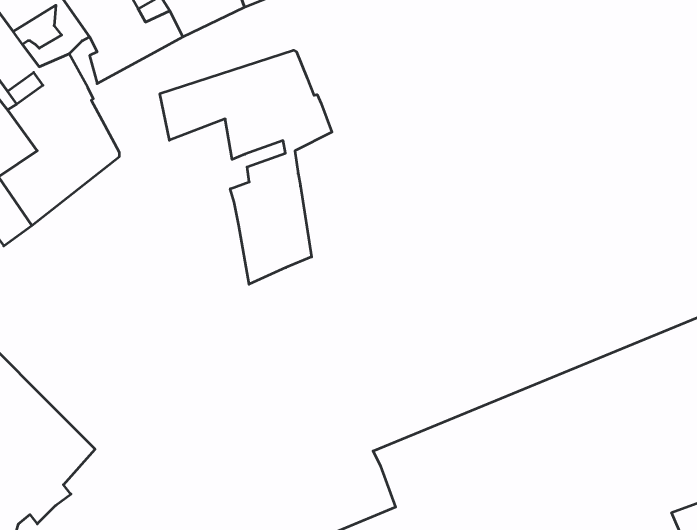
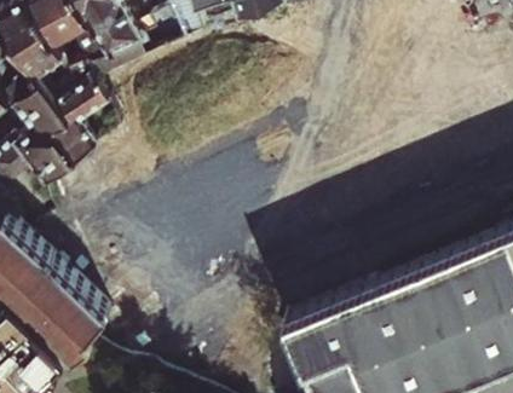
building: [160,50,332,284] -> none

